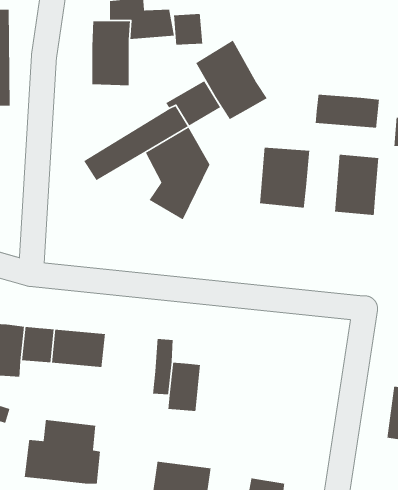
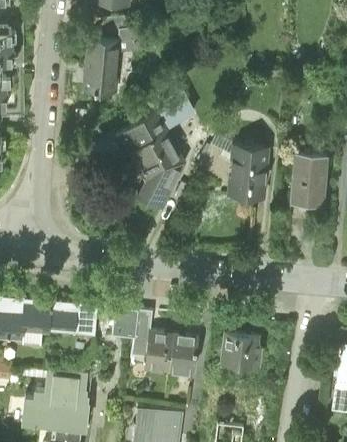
building: [173,13,203,46] -> none
building: [195,40,268,120] -> none
building: [315,94,380,129] -> none
building: none -> [114,306,139,336]
building: none -> [172,330,201,373]
building: none -> [219,332,262,368]

